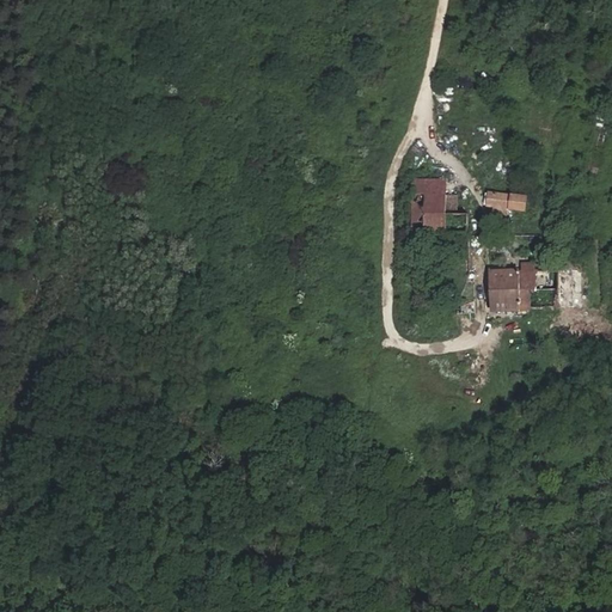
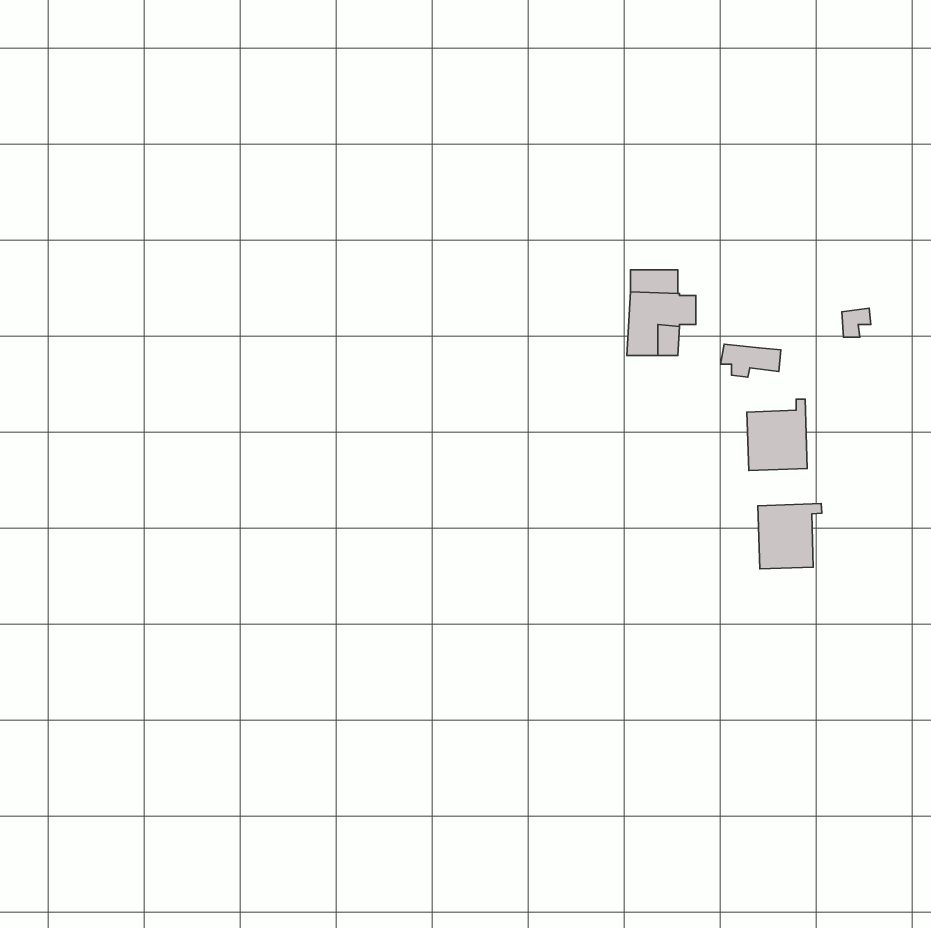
building: [486,191,526,213] -> [721,344,781,377]
building: none -> [758,503,822,569]

